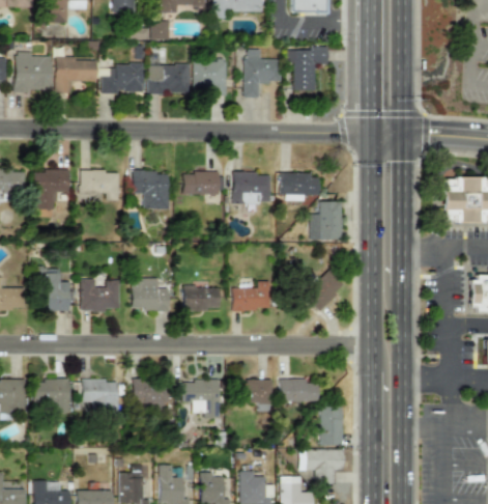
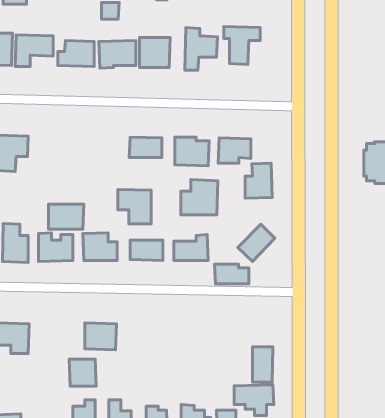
building: [80,170,119,198] -> [49,204,84,229]
building: [132,170,169,208] -> [118,189,151,224]
building: none -> [181,180,218,215]
building: [245,379,271,411] -> none
building: [280,379,318,400] -> [214,264,249,284]
building: [88,380,118,410] -> [69,359,96,386]
building: [183,380,220,417] -> none

